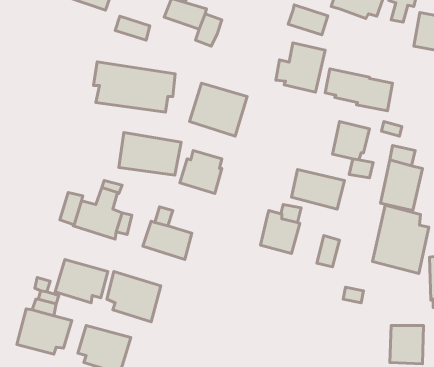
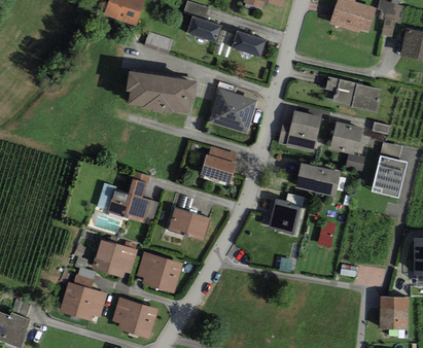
building: [288,5,328,35] -> [232,30,266,56]
building: [276,43,325,92] -> [279,110,321,152]
building: [119,133,181,175] -> none
building: [373,205,429,273] -> none

